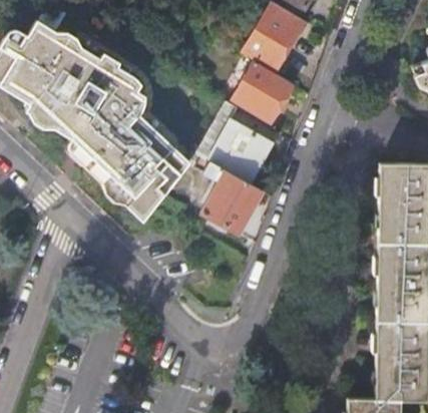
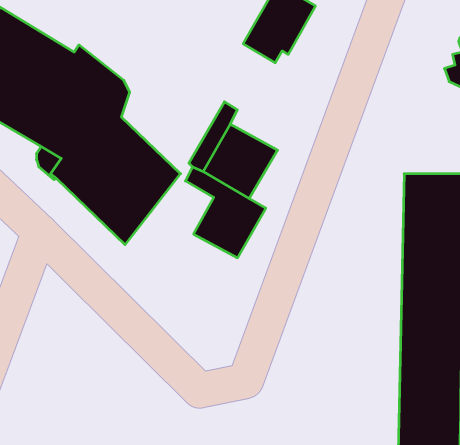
building: [233,62,294,122] -> none

